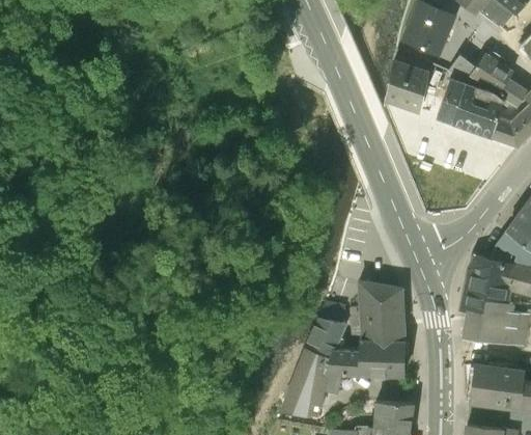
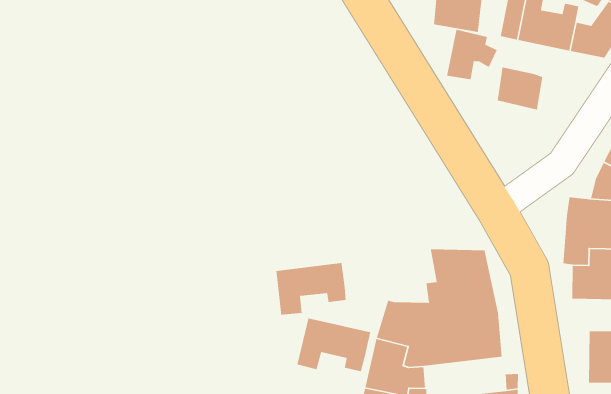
building: none -> [446,29,498,80]
building: none -> [497,67,543,110]
building: none -> [275,262,347,315]
building: none -> [297,318,371,372]

